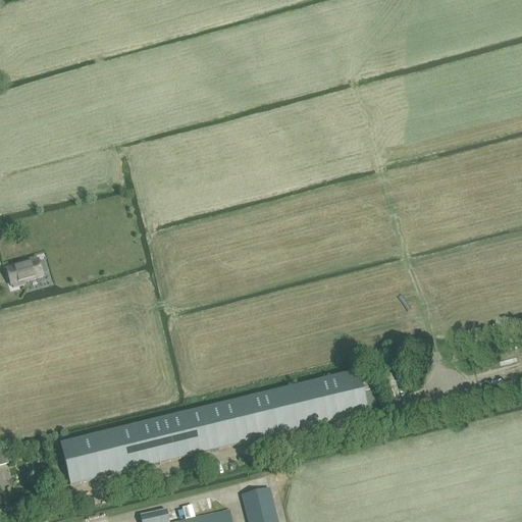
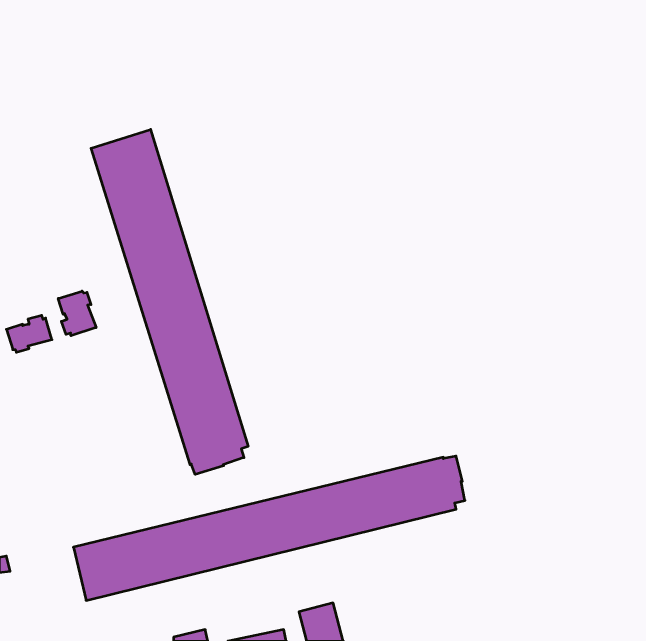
building: none -> [91,129,248,474]
building: none -> [58,291,96,336]

